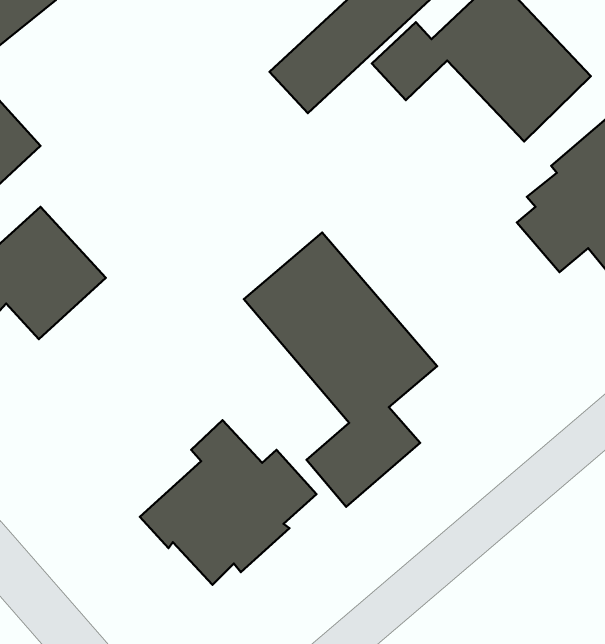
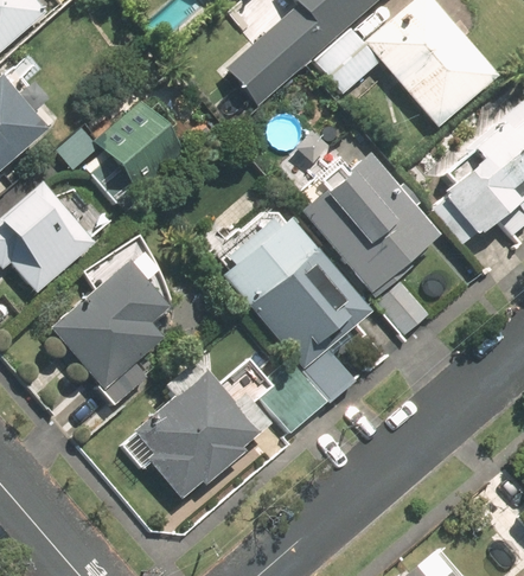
building: none -> [59,100,183,203]
building: none -> [295,140,441,331]
building: none -> [50,233,174,403]

